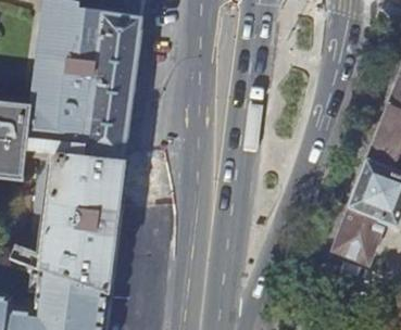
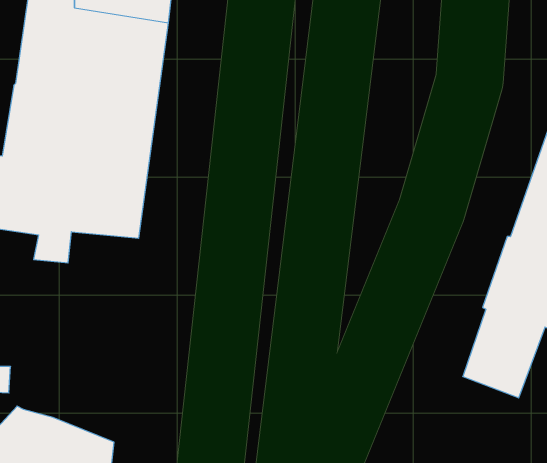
building: [42,156,123,295] -> none

